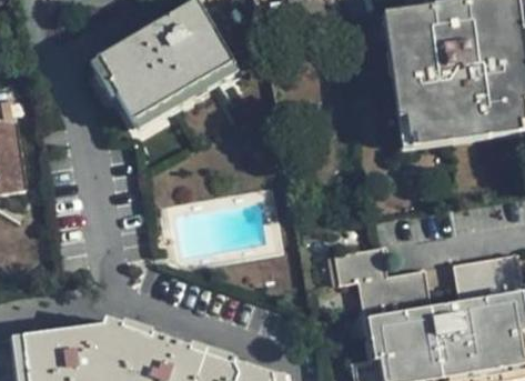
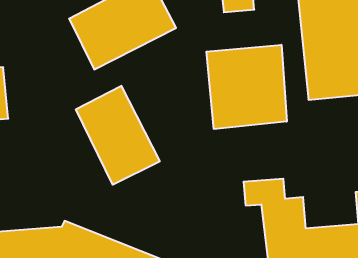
building: none -> [206,45,287,129]
building: none -> [76,86,160,185]

